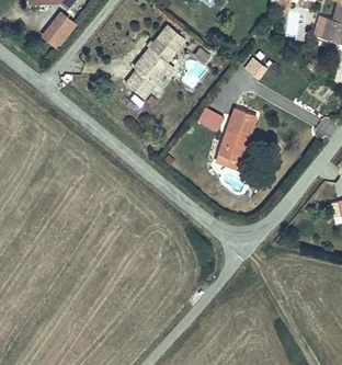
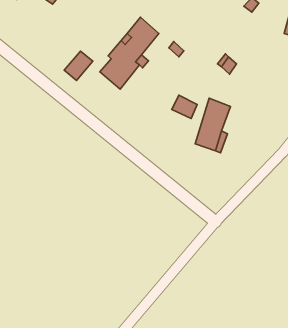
building: [44,13,75,45] -> [64,51,93,80]

